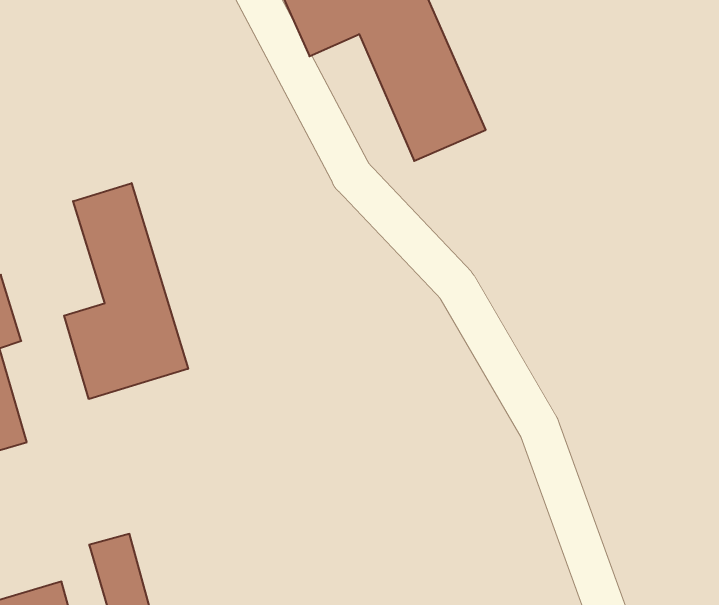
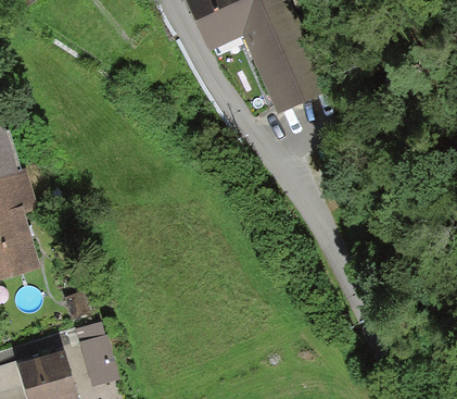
building: [64,183,188,399] -> none

